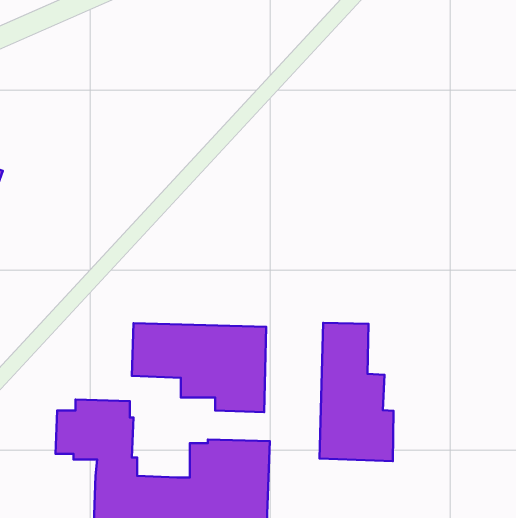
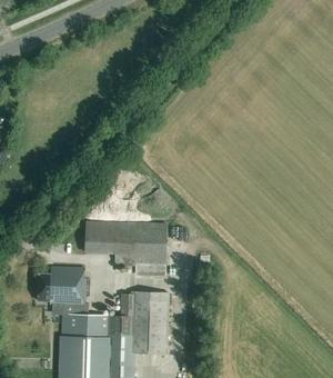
building: [320,323,394,461] -> none

